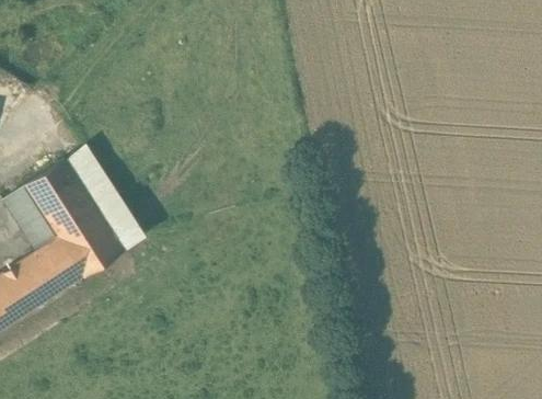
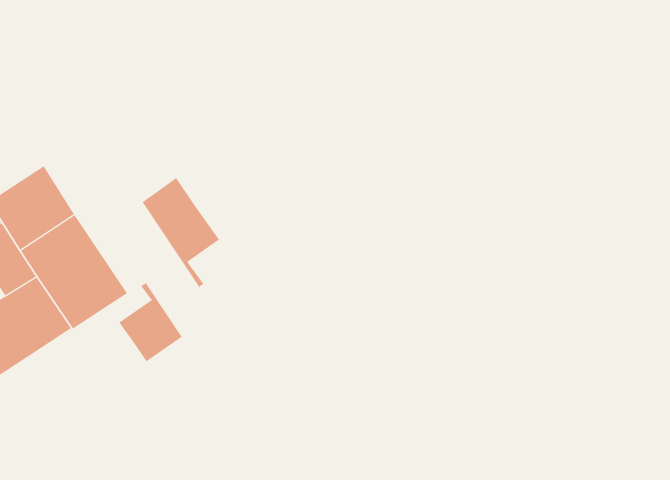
building: none -> [142,177,220,288]
building: none -> [118,282,182,362]

